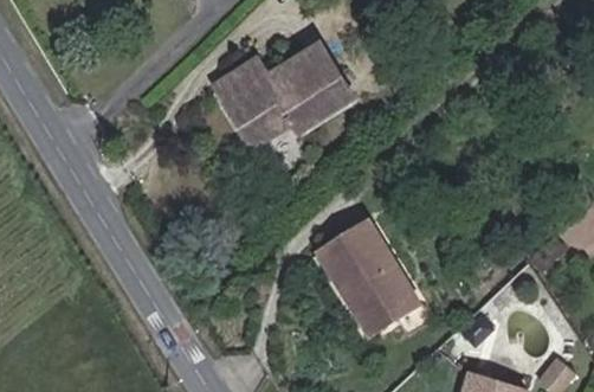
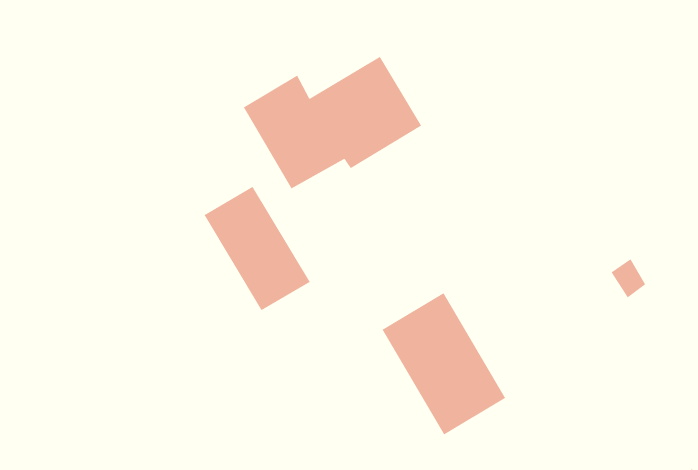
building: none -> [203,186,311,311]

